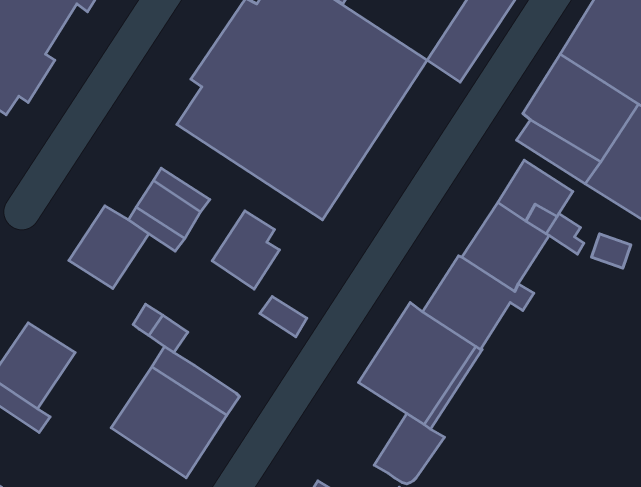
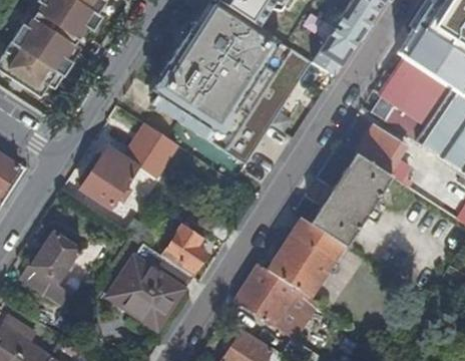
building: [212,211,279,289] -> [161,226,204,276]
building: none -> [238,264,298,322]

